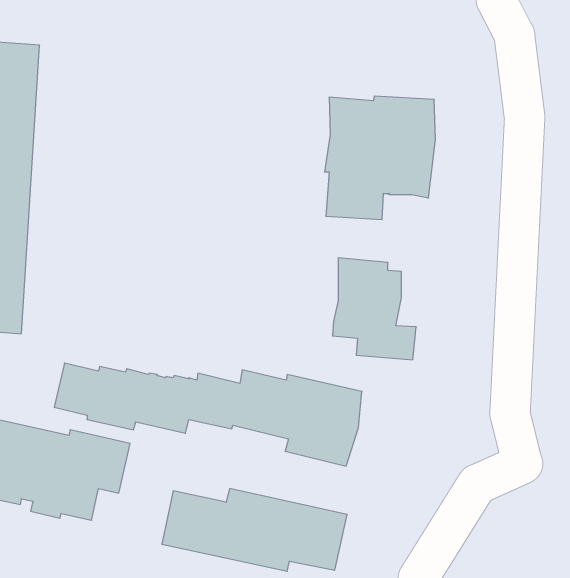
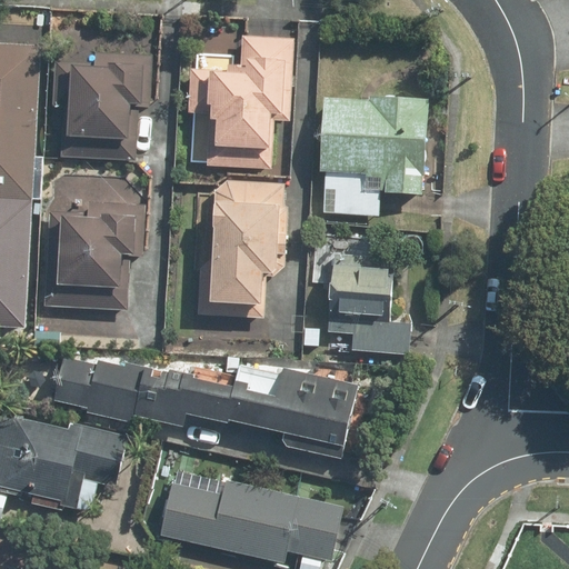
building: none -> [186,34,292,168]
building: none -> [49,51,150,159]
building: none -> [40,178,146,309]
building: none -> [194,180,283,318]

